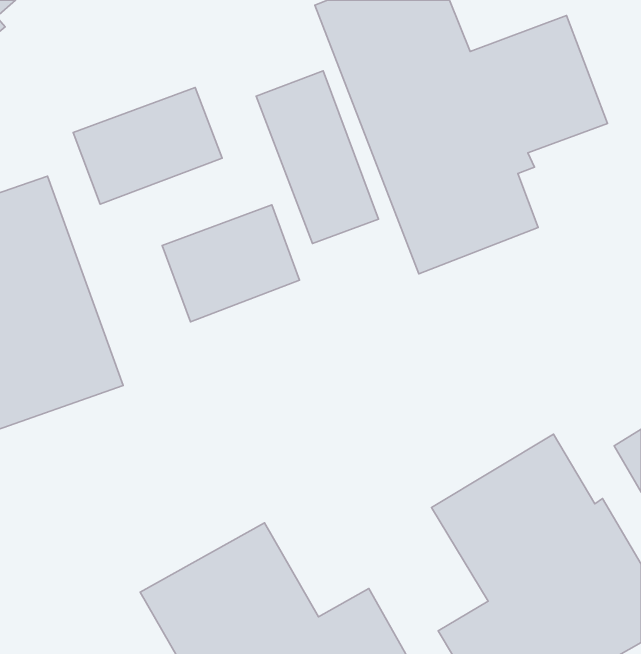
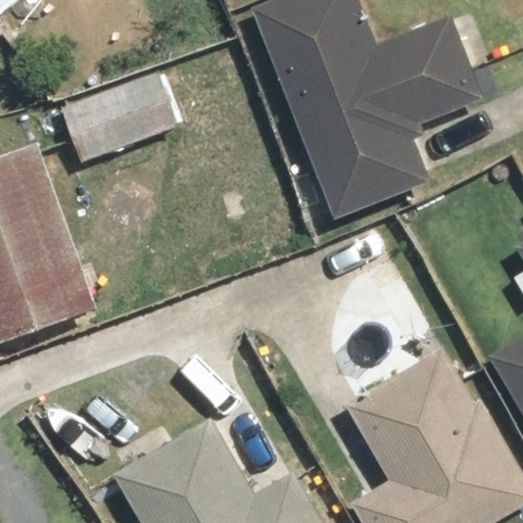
building: [256,71,379,244] -> none
building: [162,205,300,322] -> none

